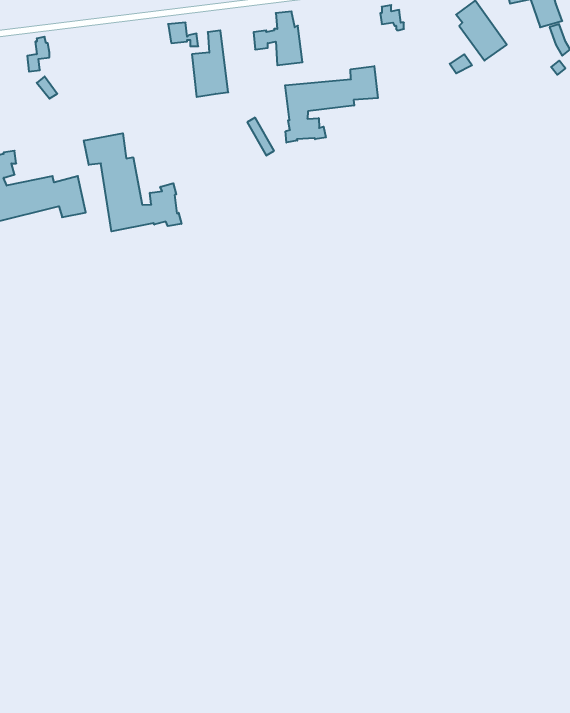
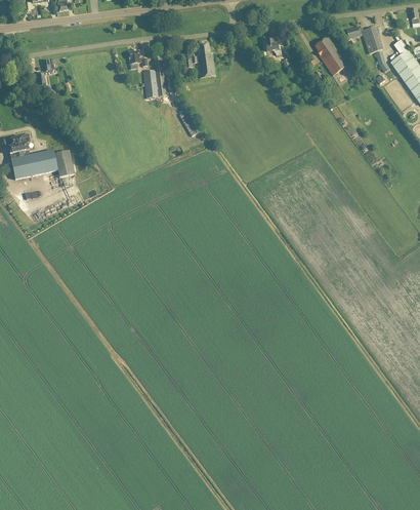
building: [285,66,378,143] -> none
building: [84,133,181,231] -> none

